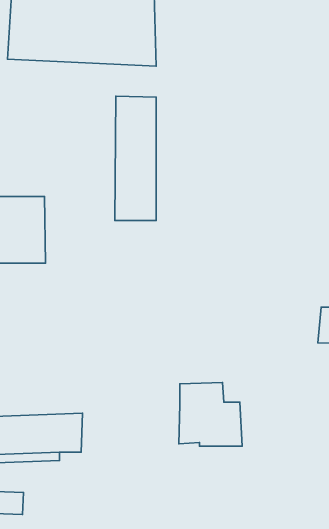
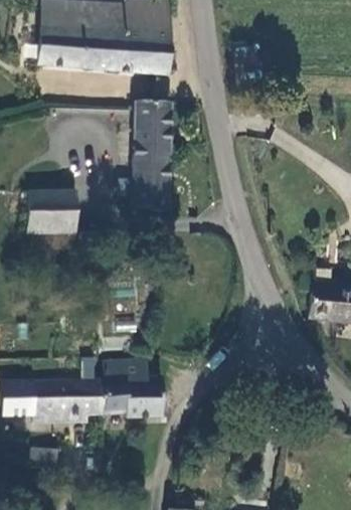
building: [179,383,242,446] -> [105,358,160,413]

